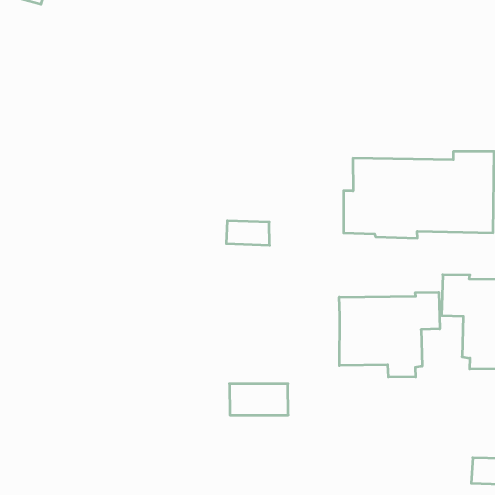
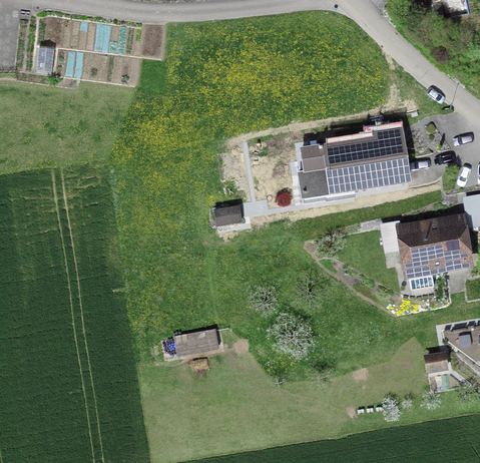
building: [339,292,440,377] -> none
building: [229,384,288,415] -> [173,327,220,357]

